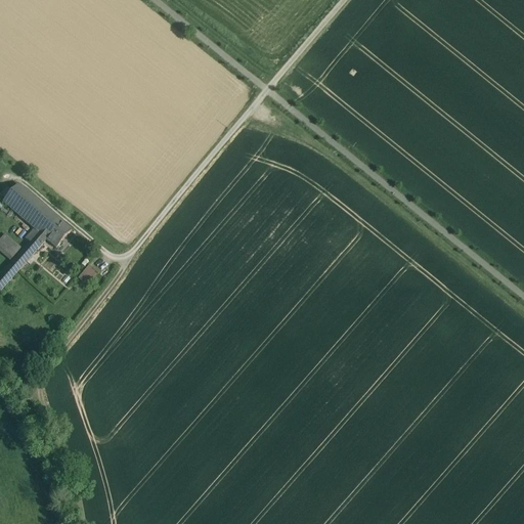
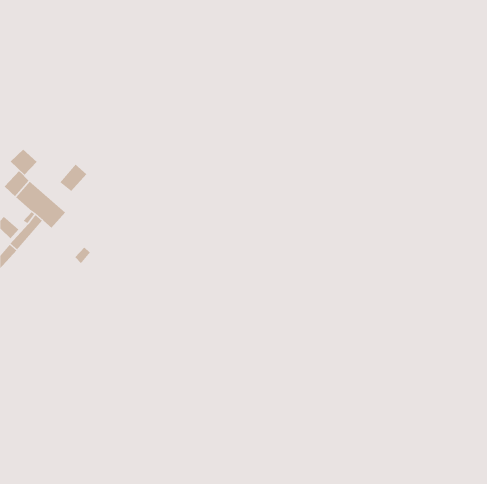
building: none -> [10,149,37,175]
building: none -> [60,164,87,192]

